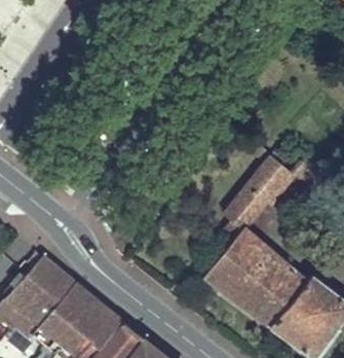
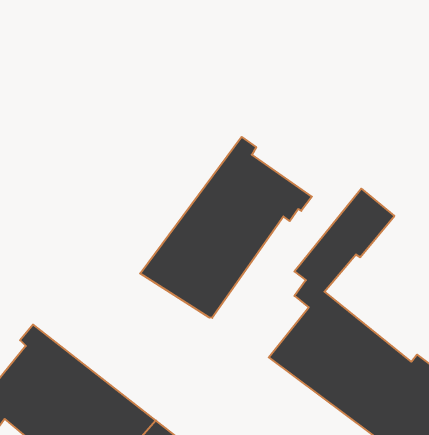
building: none -> [140,137,312,318]

